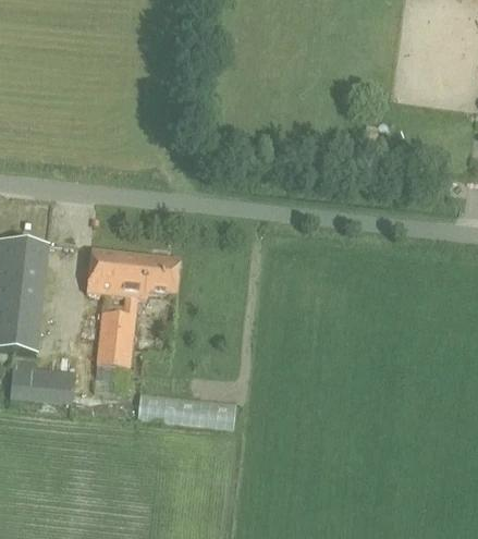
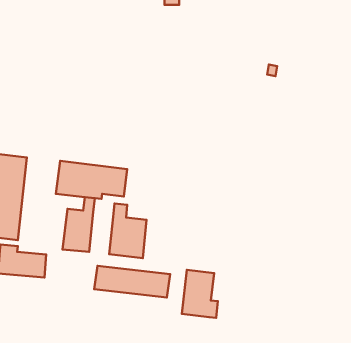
building: none -> [109,203,146,258]
building: none -> [182,270,218,318]

